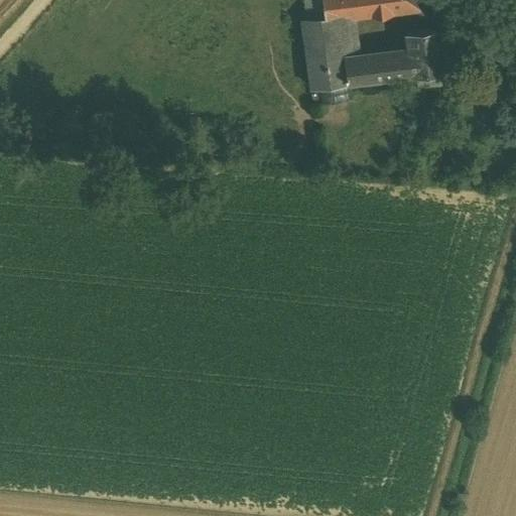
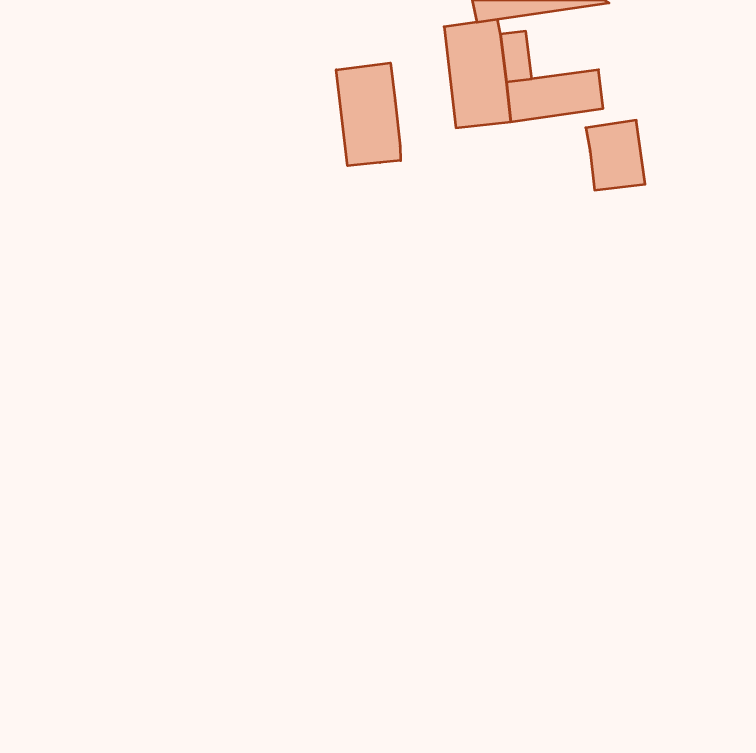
building: [403,30,443,78] -> [586,120,645,190]
building: none -> [336,63,401,166]

